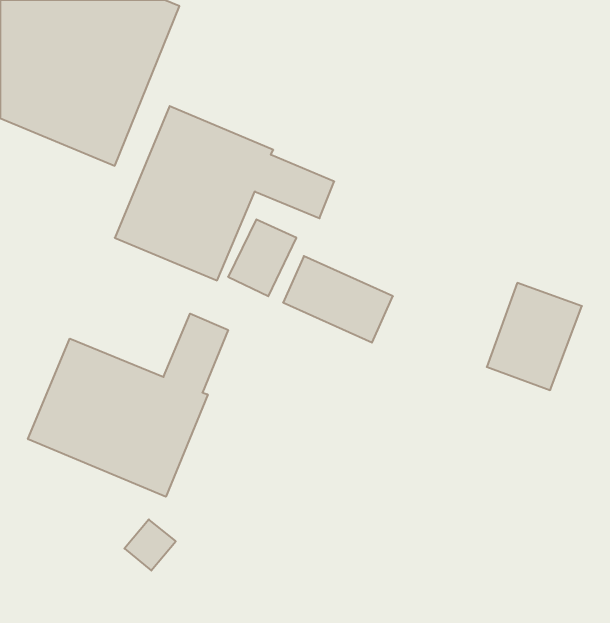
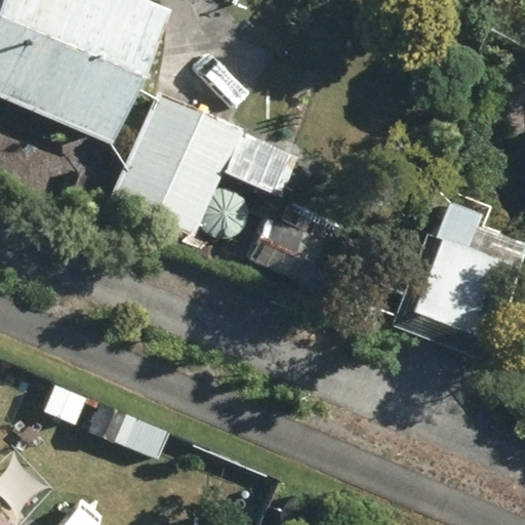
building: [28,314,228,497] -> none

